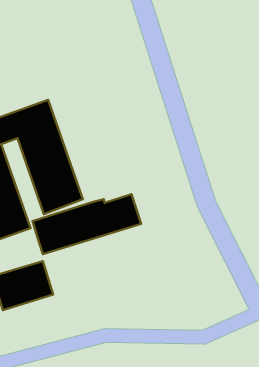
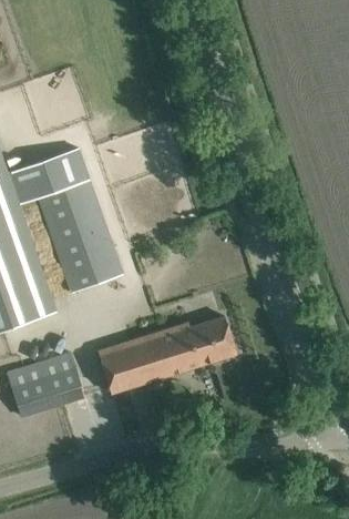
building: [32,194,141,254] -> [99,317,237,394]

